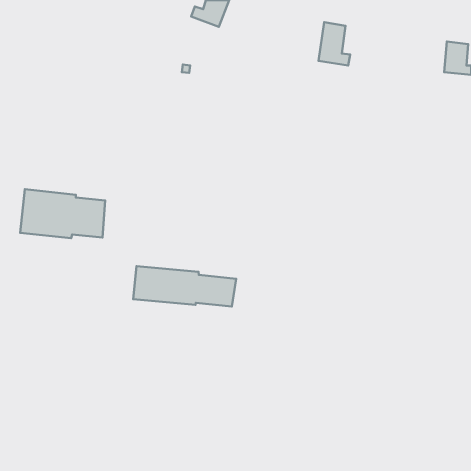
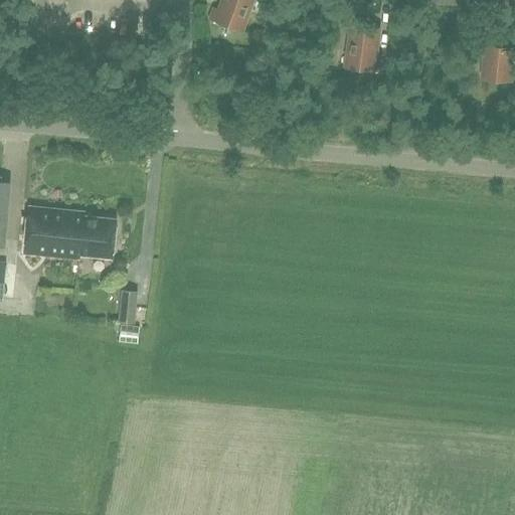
building: none -> [117,291,137,325]
building: [133,266,236,307] -> none

